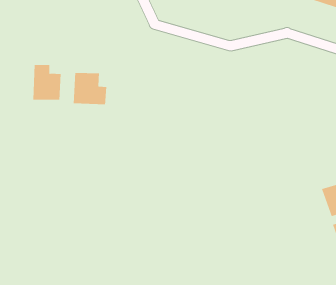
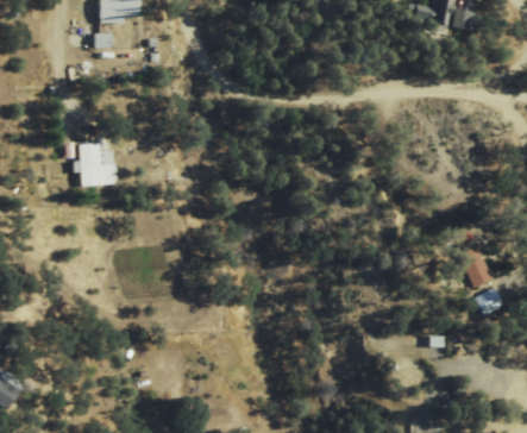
building: [73,72,107,105] -> none

